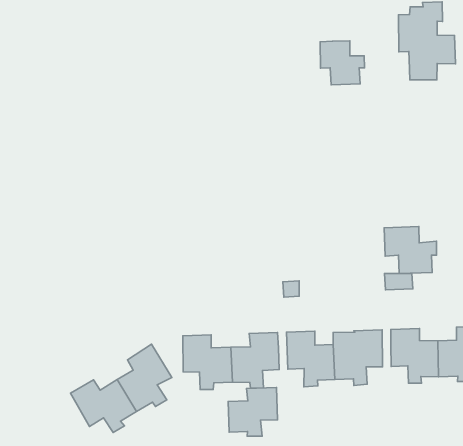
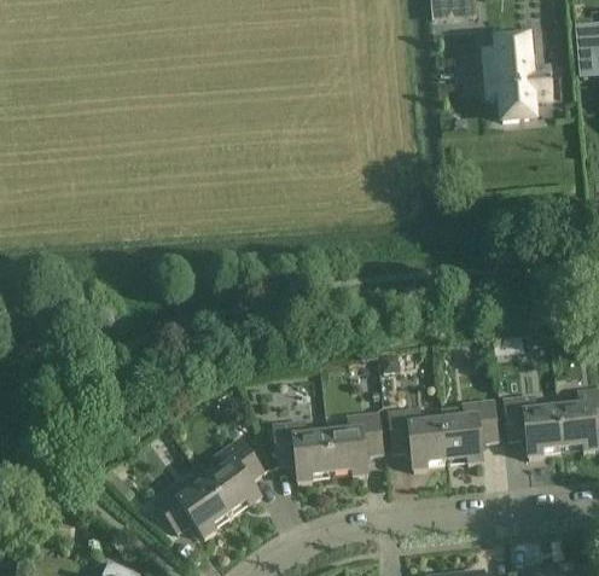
building: [320,41,365,85] -> none
building: [384,226,437,274] -> none
building: [228,388,278,436] -> none

